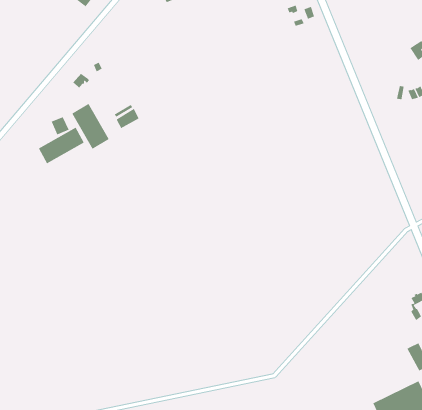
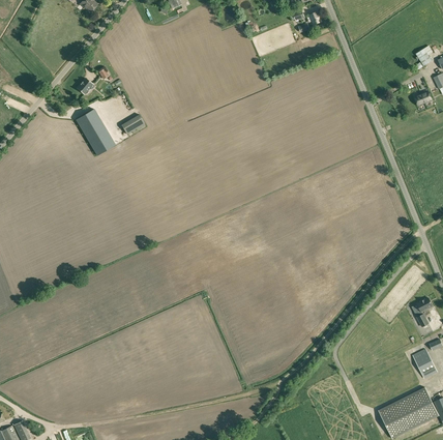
building: [38,127,85,164] -> none

